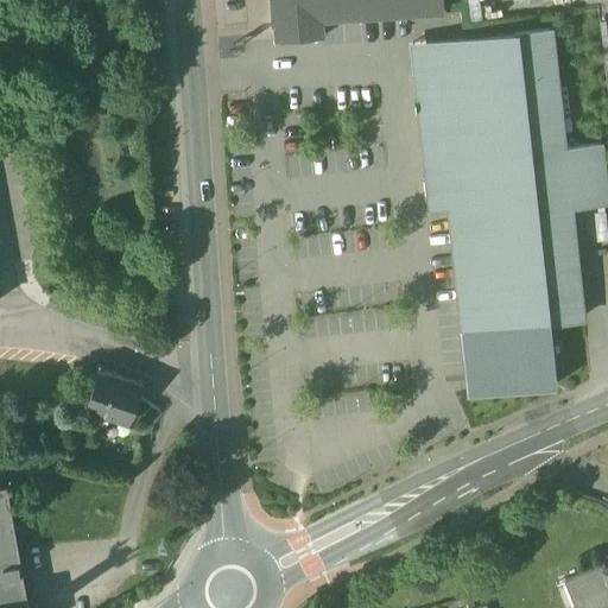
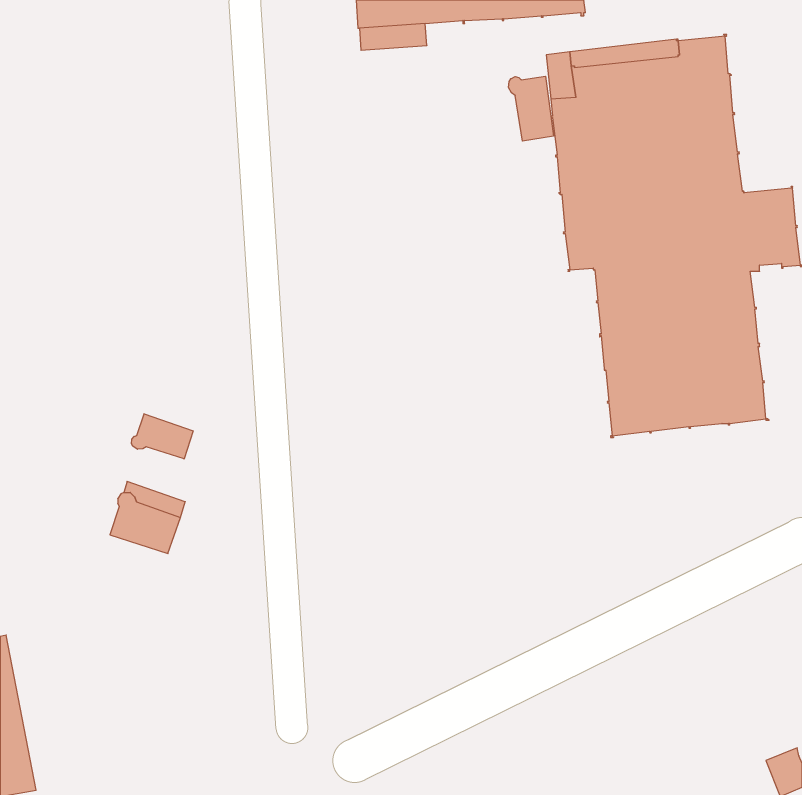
building: none -> [508,76,553,141]
building: none -> [132,414,193,459]
building: [463,325,553,400] -> none

